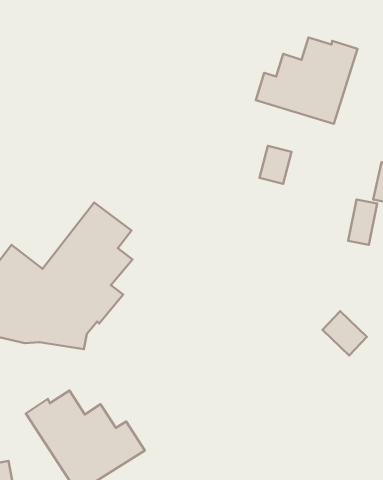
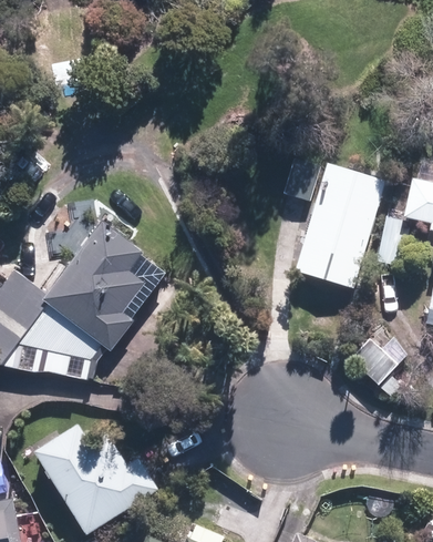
building: [256,38,358,124] -> none
building: none -> [295,163,384,288]

